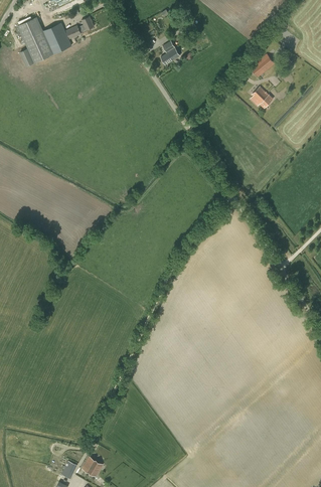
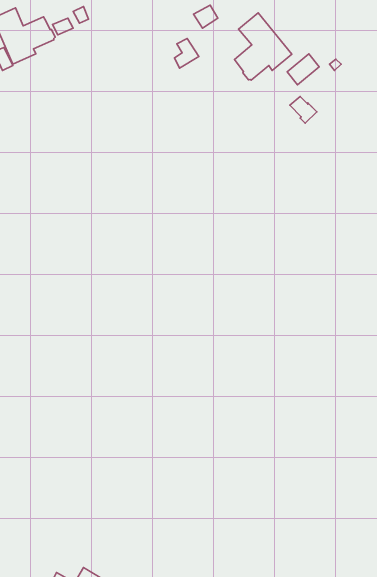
building: none -> [234,13,292,80]

